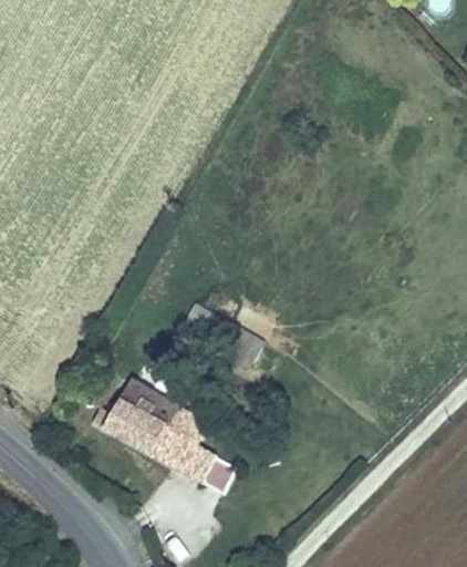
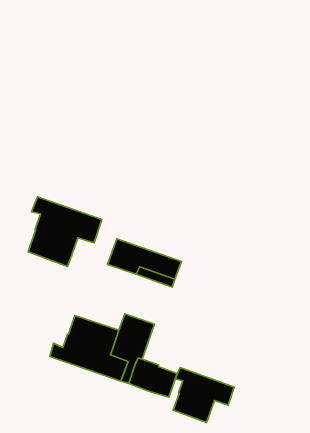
building: none -> [28,197,102,266]
building: none -> [173,368,234,423]

